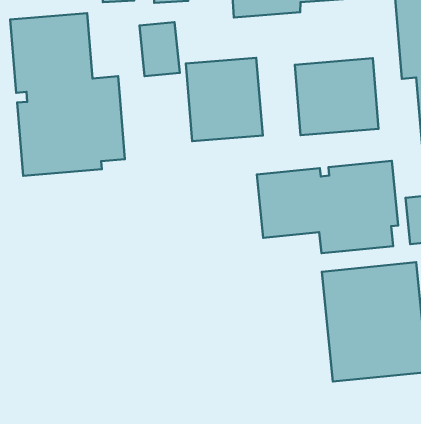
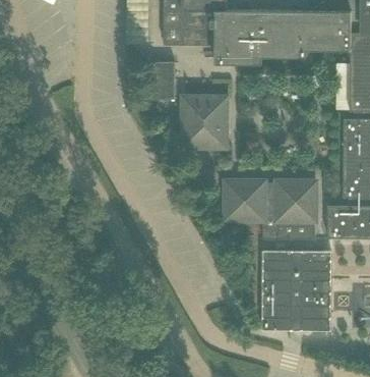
building: [10,13,125,176] -> none
building: [295,58,379,135] -> none

